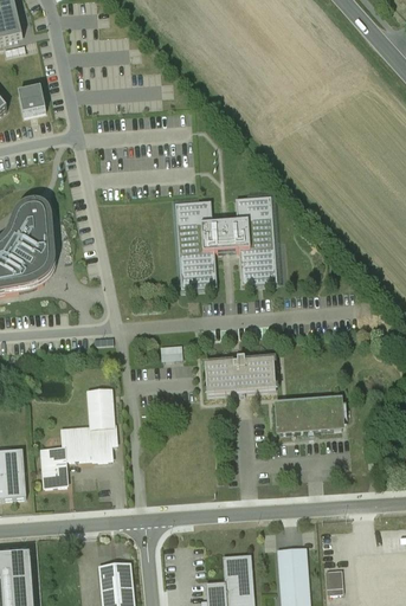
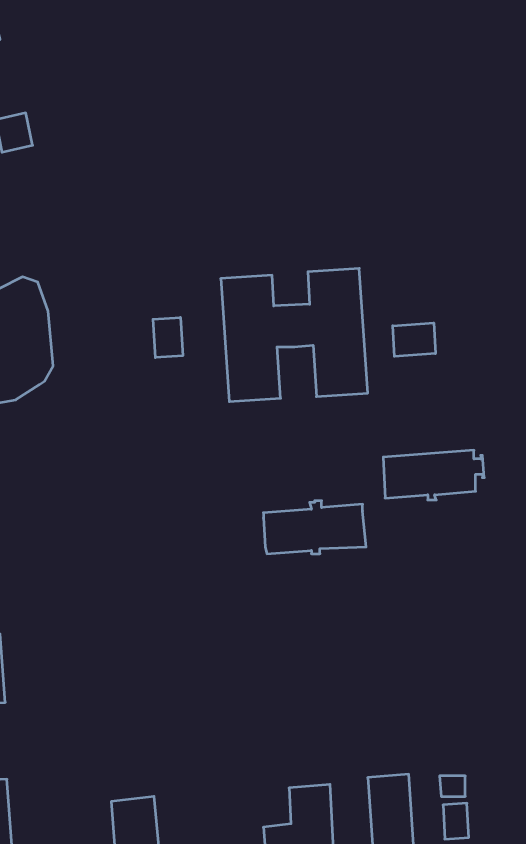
building: none -> [153,317,183,358]
building: none -> [393,323,435,356]
building: [41,389,116,486] -> none
building: [277,399,347,433] -> [383,450,484,500]

